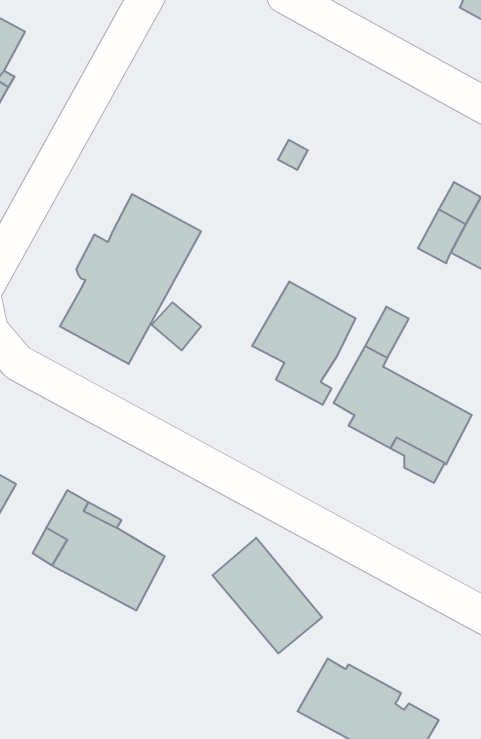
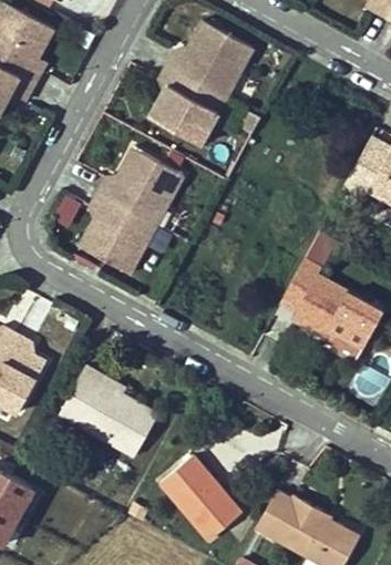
building: none -> [148,21,251,146]
building: [252,281,355,405] -> none
building: [212,538,322,653] -> [160,454,240,540]

